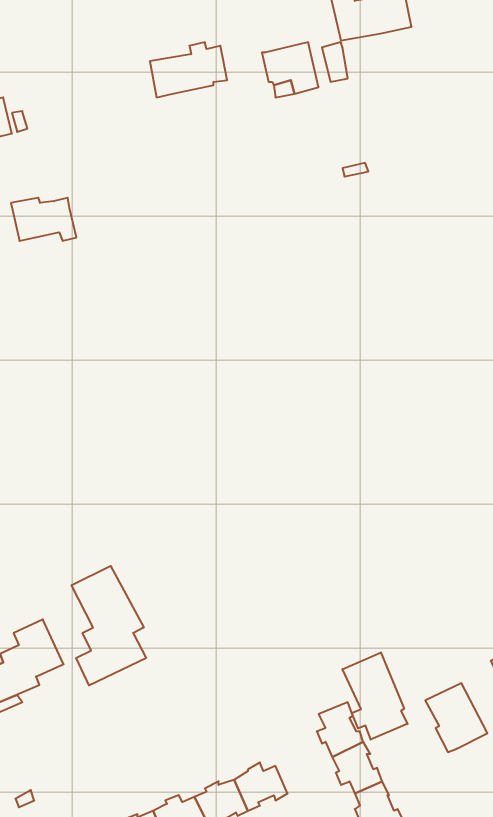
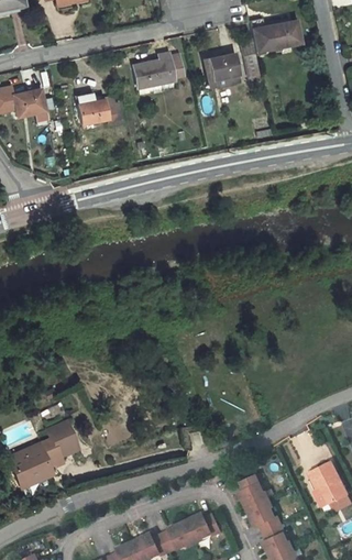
building: [11,198,76,241] -> [75,97,117,124]
building: [72,566,146,685] -> none
building: [342,652,408,740] -> none

